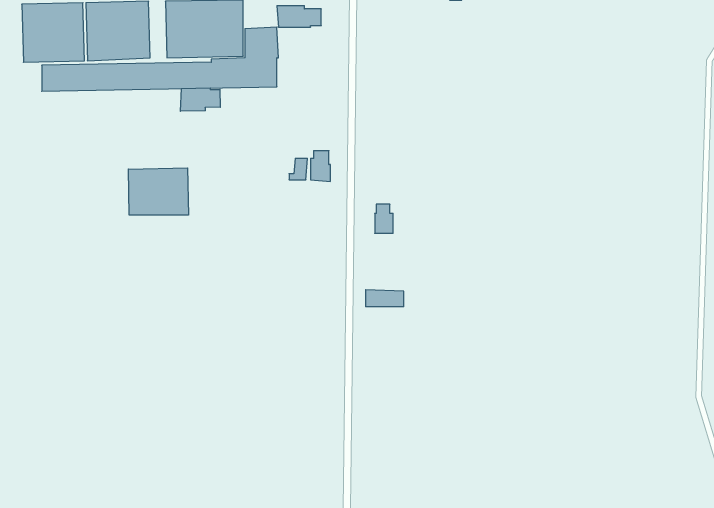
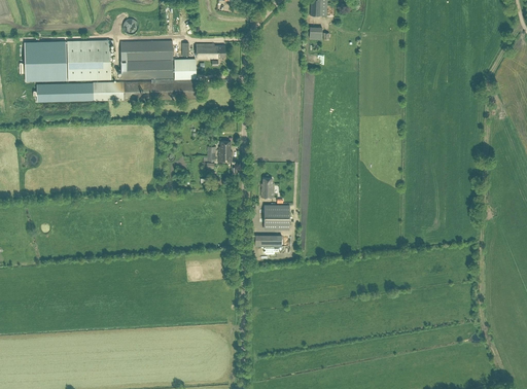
building: [180,88,220,111] -> none
building: [128,168,188,215] -> none
building: none -> [264,205,289,228]

